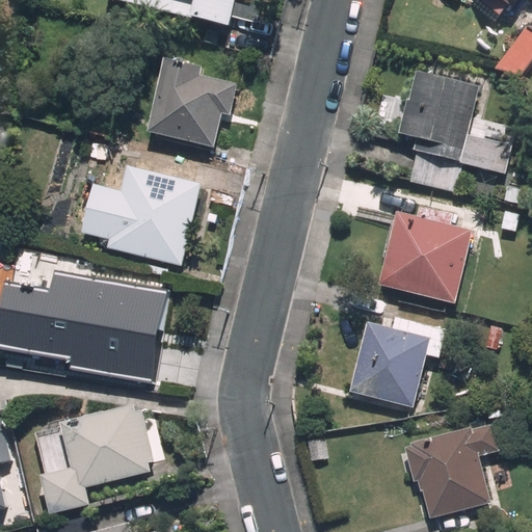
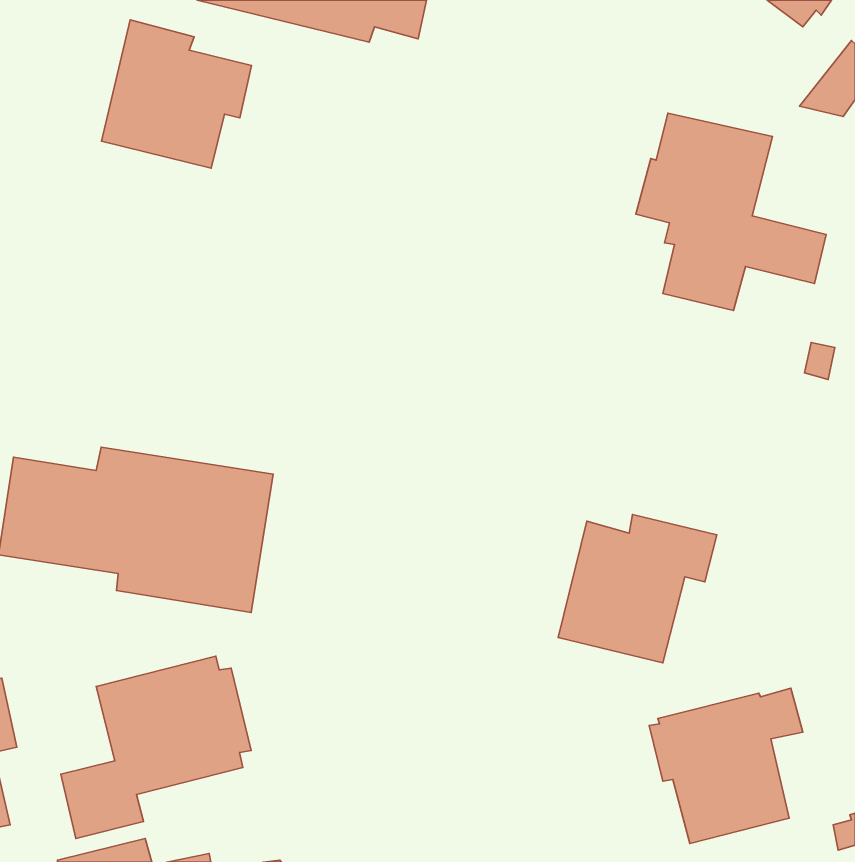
building: [148,55,240,147] -> [101,20,252,168]
building: [87,163,204,265] -> none
building: [372,207,469,305] -> none

